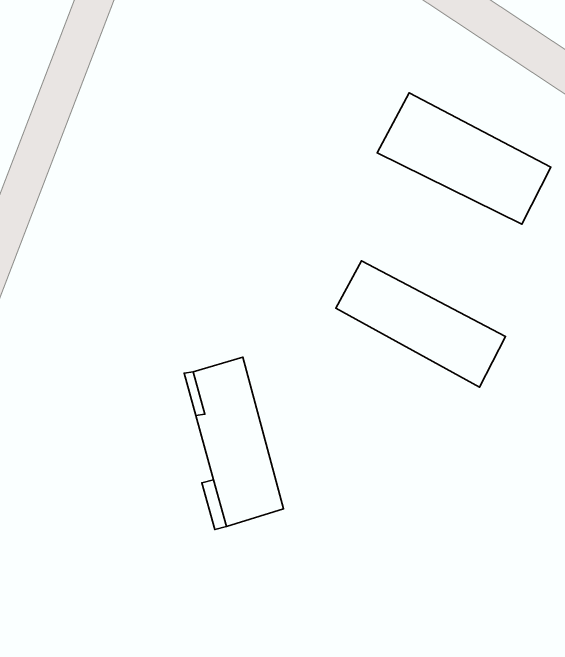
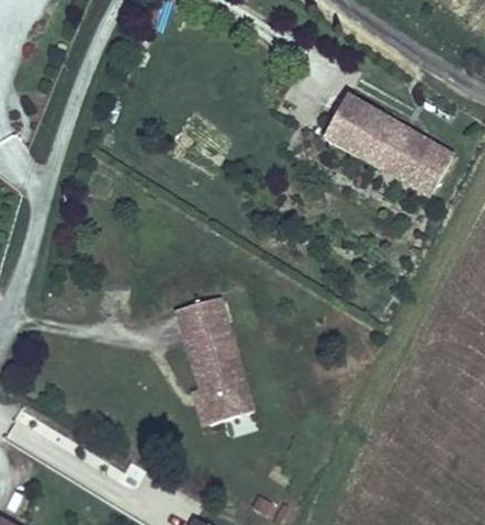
building: [336,261,506,387] -> none

